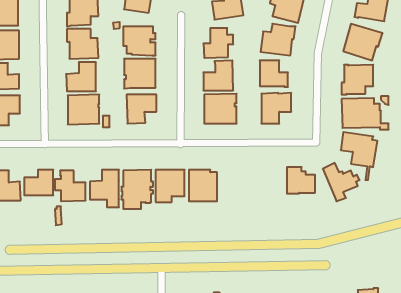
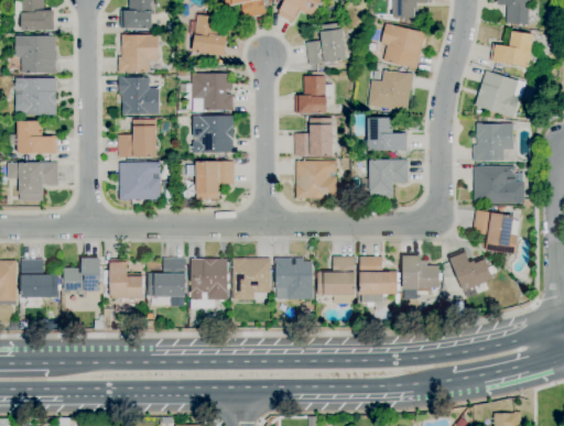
building: none -> [318,256,356,305]
building: none -> [360,256,401,305]

